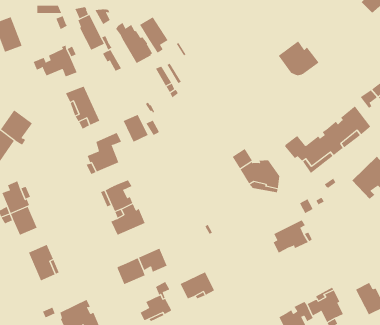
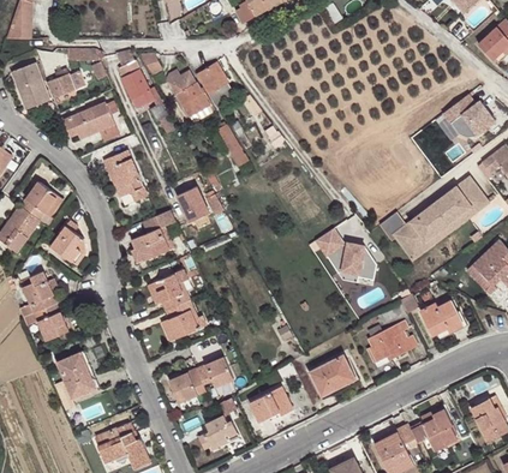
building: none -> [46,68,85,98]
building: [278,41,320,76] -> [443,95,496,139]
building: none -> [50,221,84,265]
building: none -> [419,298,462,336]
building: none -> [309,355,355,396]

